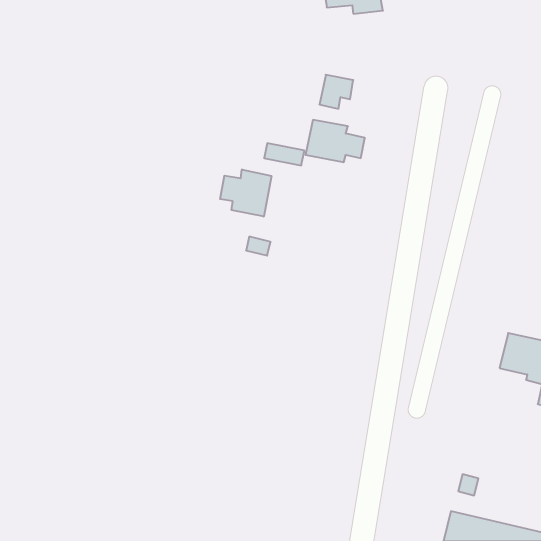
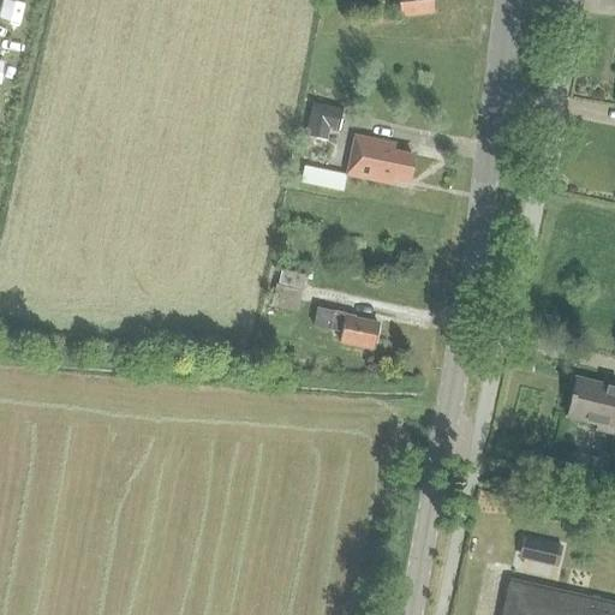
building: [319,75,353,109] -> [306,102,345,141]
building: [220,169,271,217] -> none
building: none -> [315,308,380,347]

